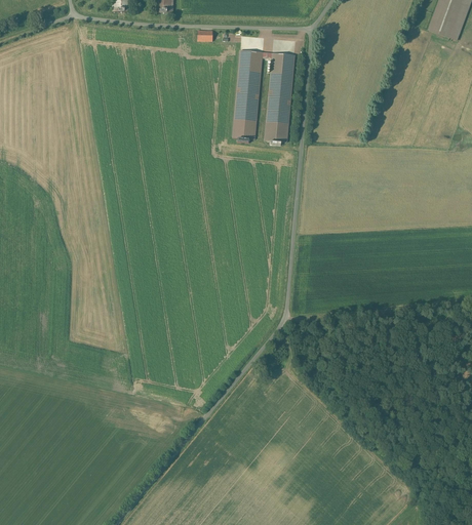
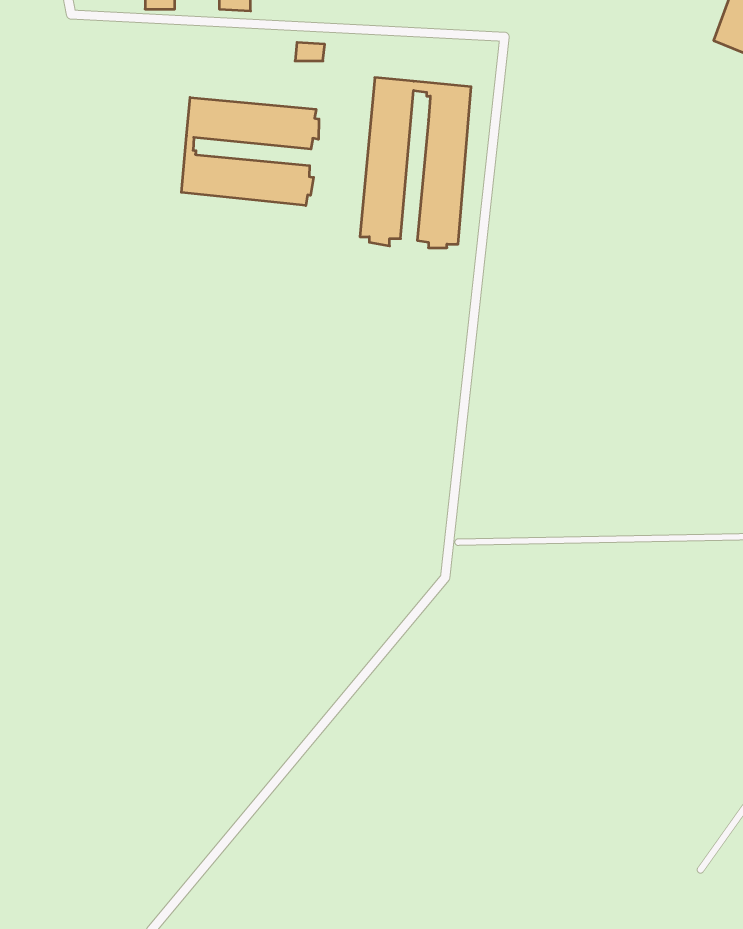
building: none -> [181,97,319,206]

